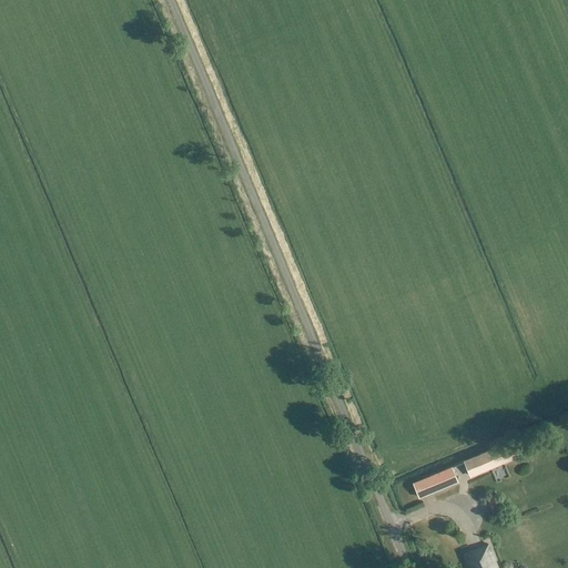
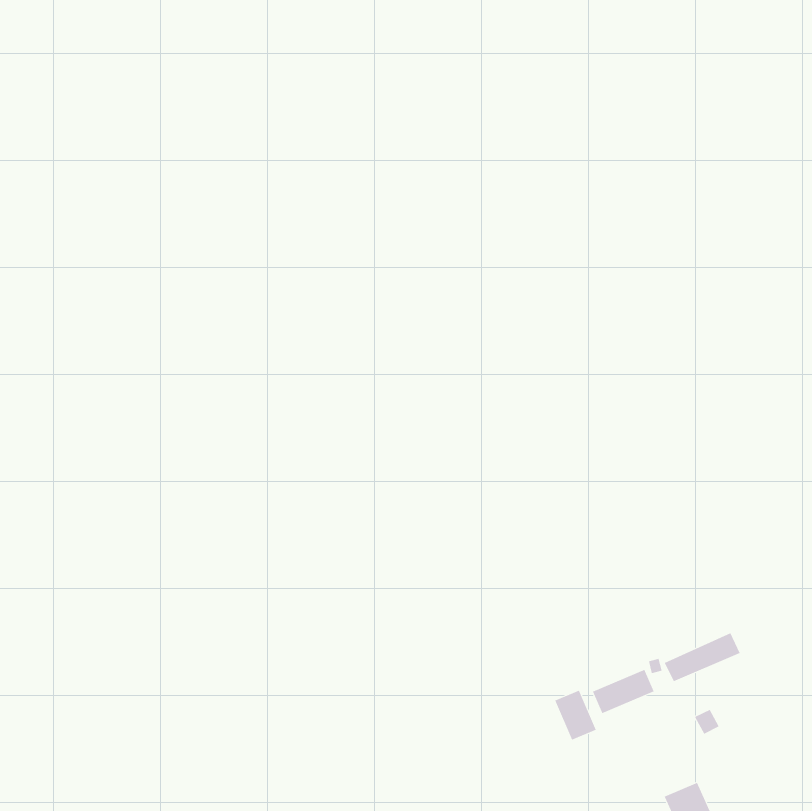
building: none -> [555,690,596,740]

